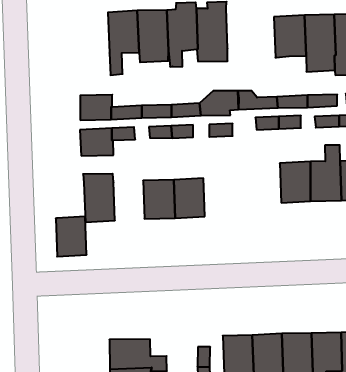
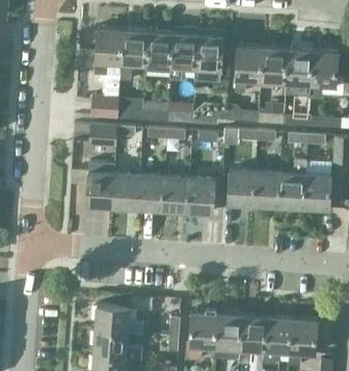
building: none -> [95,27,123,76]
building: none -> [234,44,262,94]
building: none -> [226,167,254,203]
building: none -> [187,176,214,210]
building: [56,217,87,257] -> [111,171,138,205]

